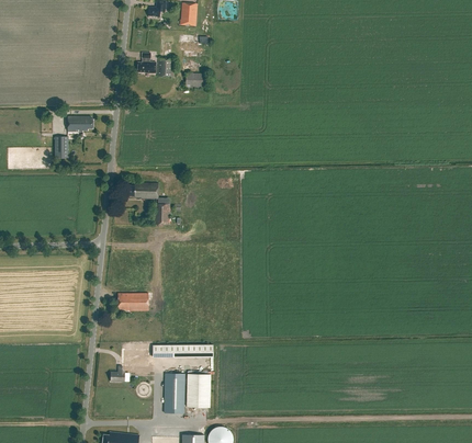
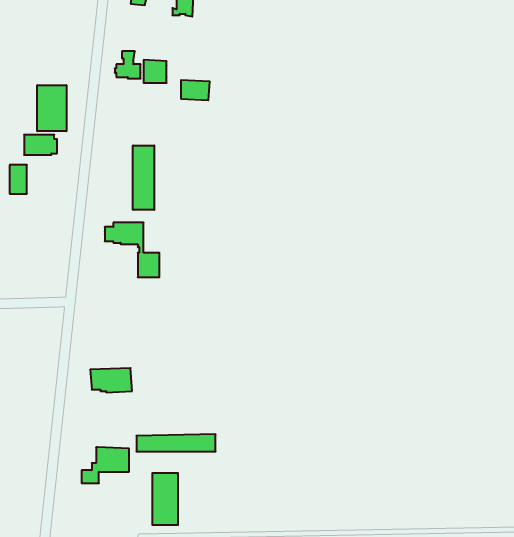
building: none -> [37,85,66,131]
building: none -> [133,145,154,210]
building: [186,373,209,407] -> none

